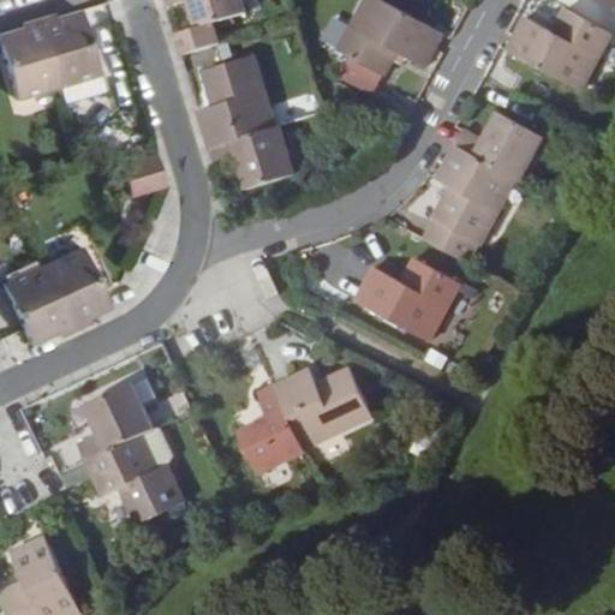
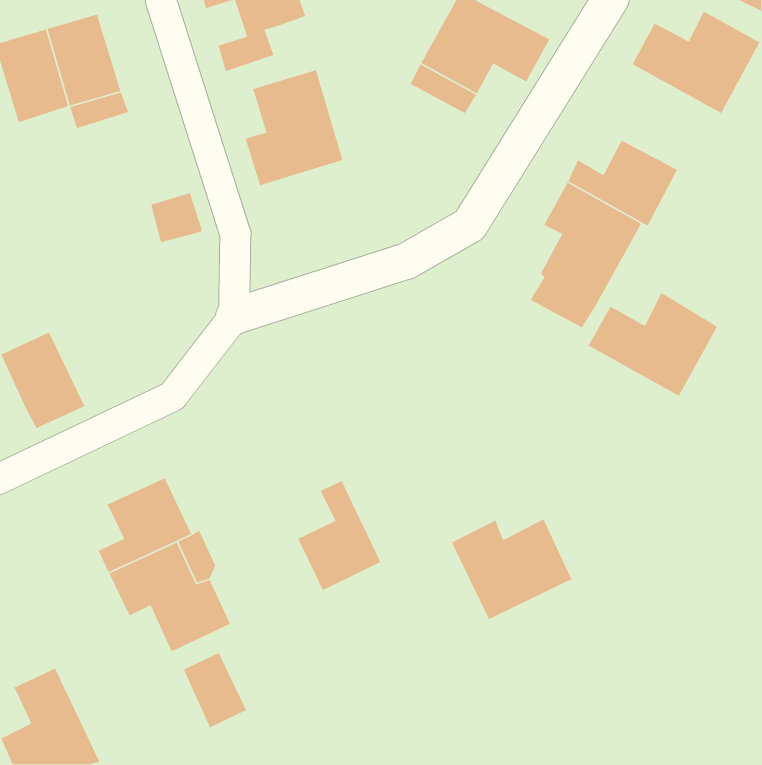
building: [208,127,294,190] -> none
building: [40,246,108,326] -> none
building: [356,256,460,340] -> [588,292,718,397]
building: [274,365,371,447] -> [451,518,572,620]
building: none -> [183,652,247,728]

